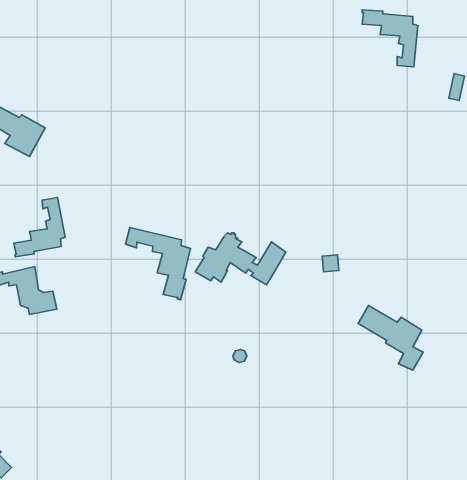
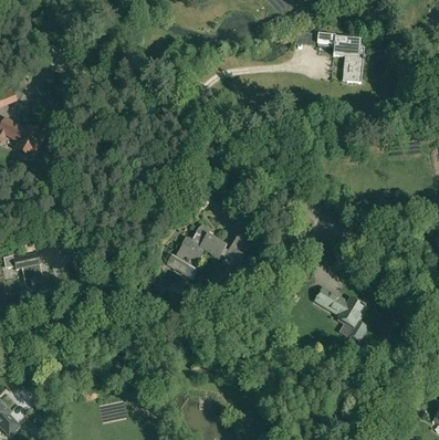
building: [14,198,65,257] -> none
building: [125,227,190,300] -> none

